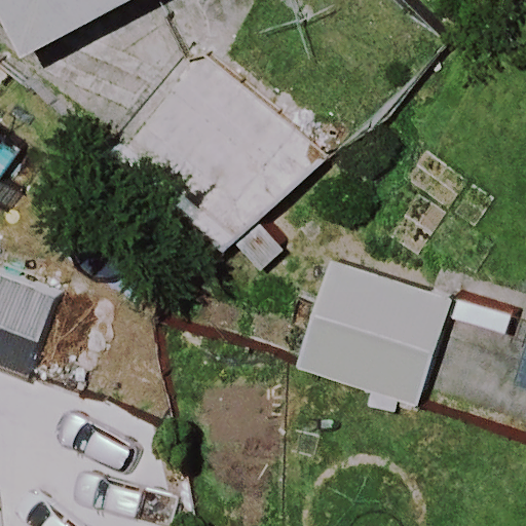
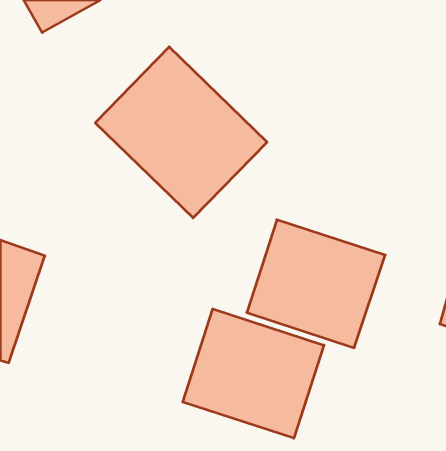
building: none -> [183,309,324,438]

